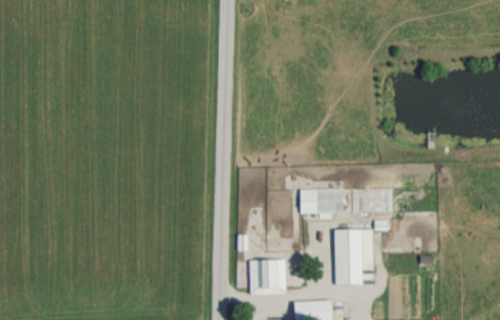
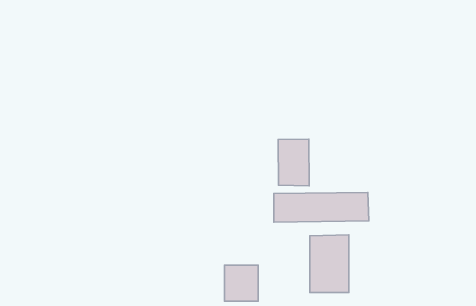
building: none -> [278,139,309,186]

